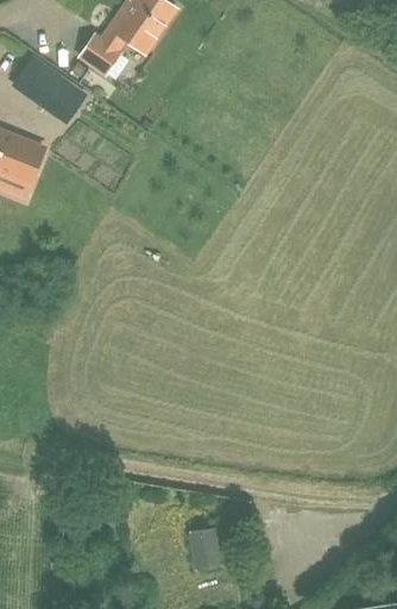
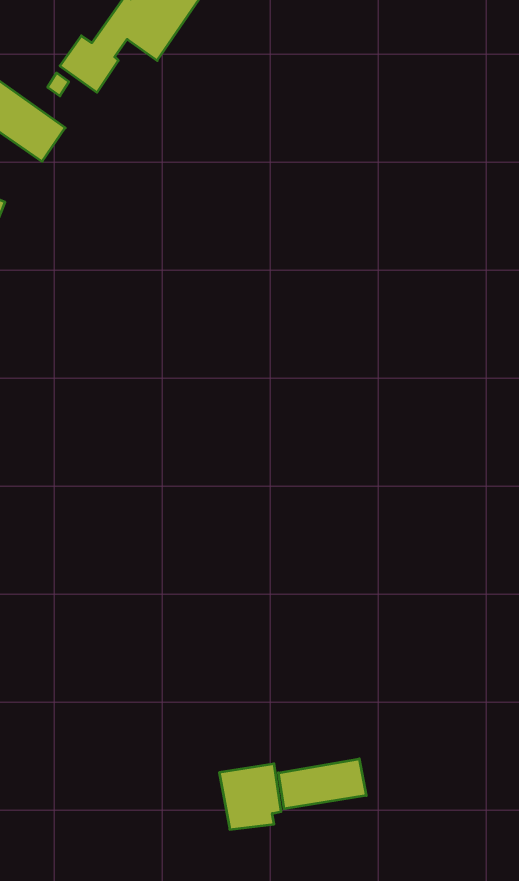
building: none -> [278,759,366,809]

